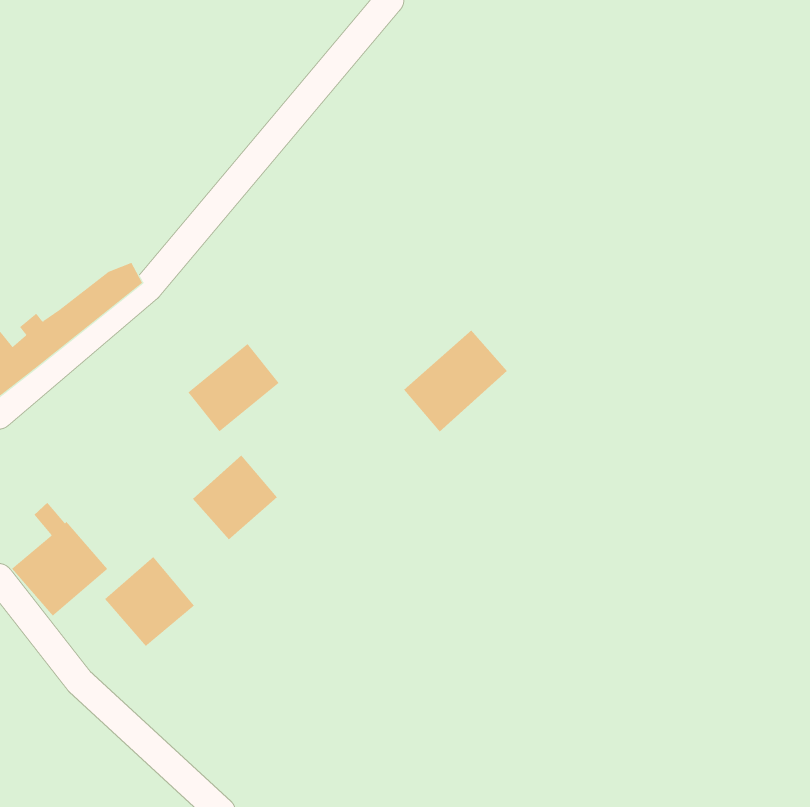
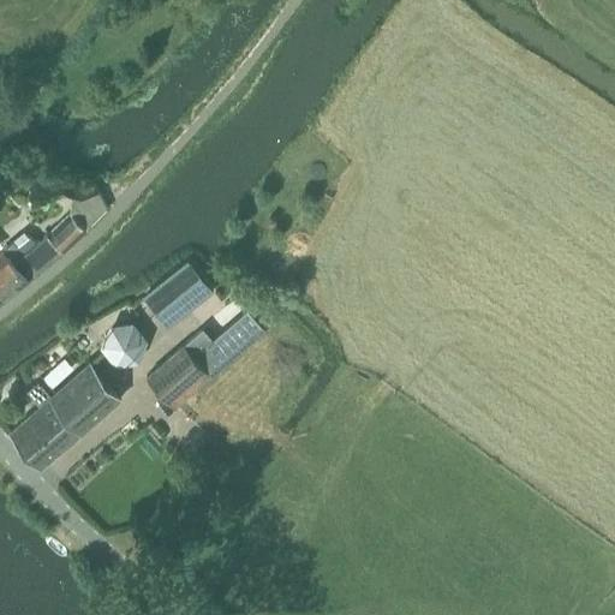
building: [403,329,508,433] -> [183,301,262,380]
building: none -> [98,324,148,370]
building: [104,556,195,647] -> [50,365,119,434]

